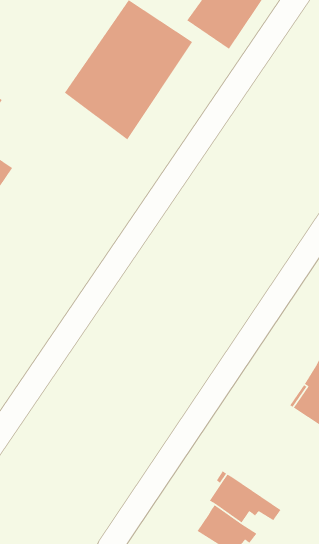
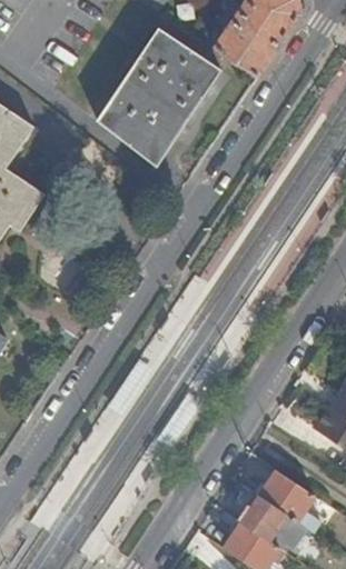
building: none -> [259,471,320,532]

